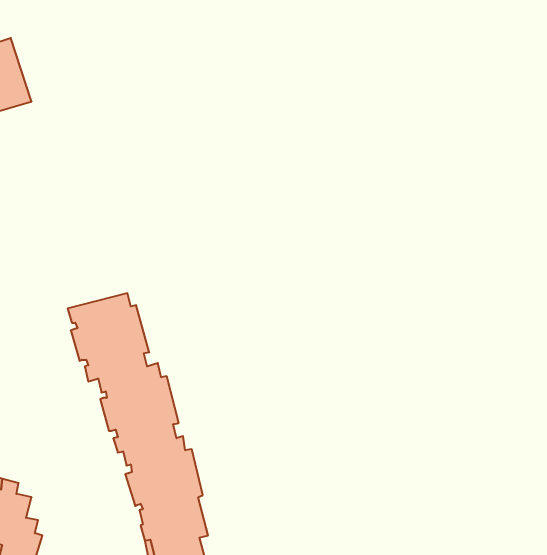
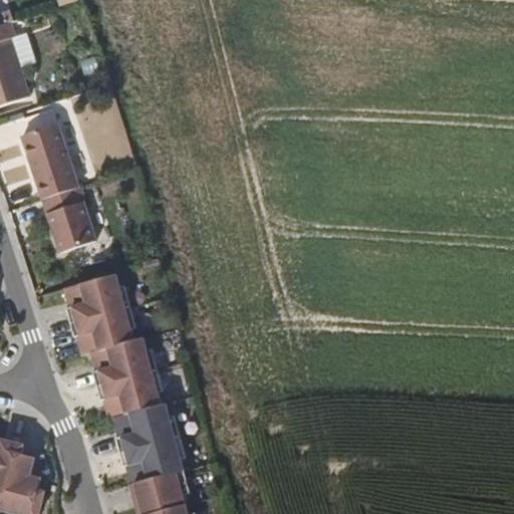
building: none -> [19,122,77,198]
building: none -> [44,200,95,251]

